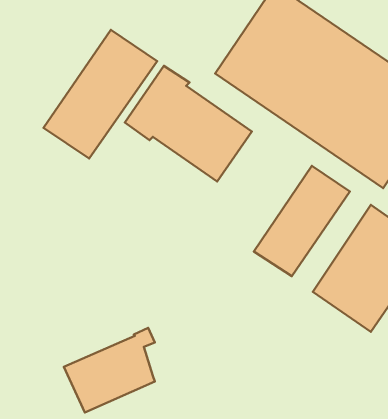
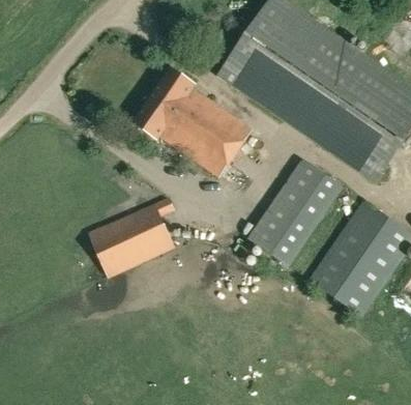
building: [44,30,157,159] -> none
building: [64,328,155,413] -> [88,195,173,273]

